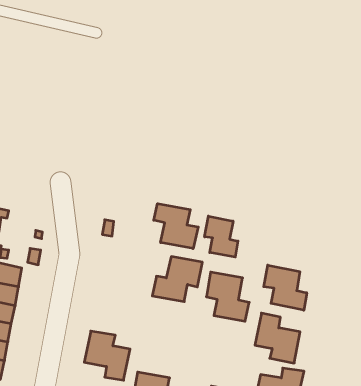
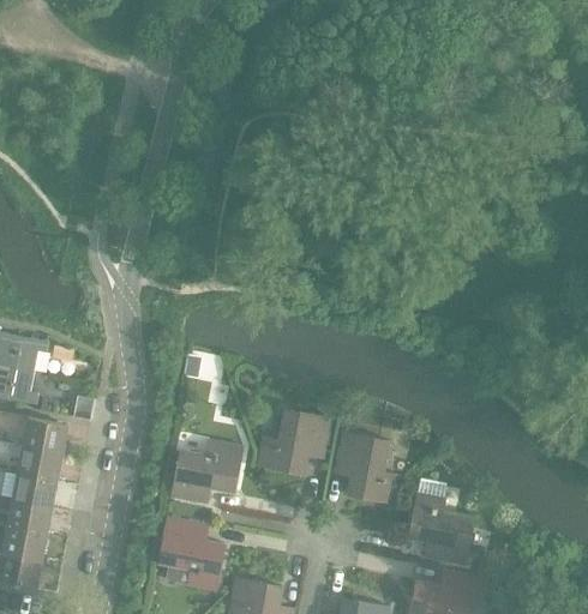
building: [154,204,198,249] -> none
building: [205,216,238,257] -> none
building: [264,265,307,310] -> none
building: none -> [170,440,242,502]

